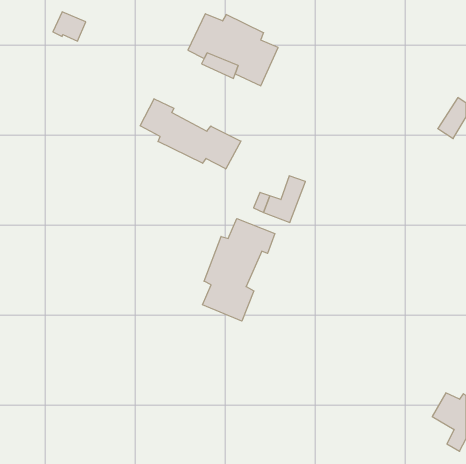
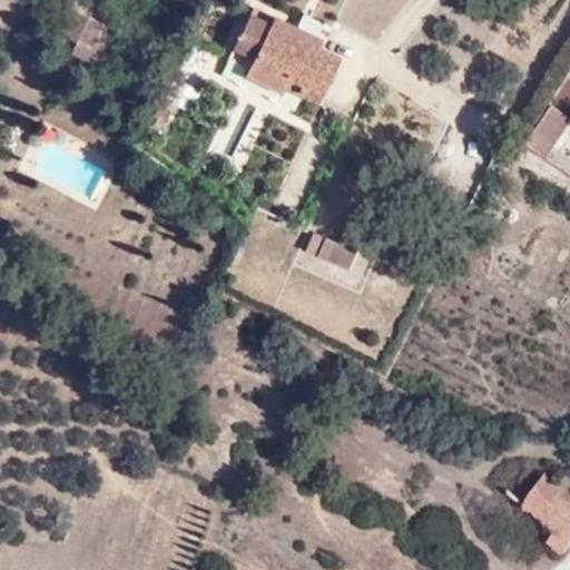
building: [140,99,241,169] -> none
building: [202,219,275,321] -> none

